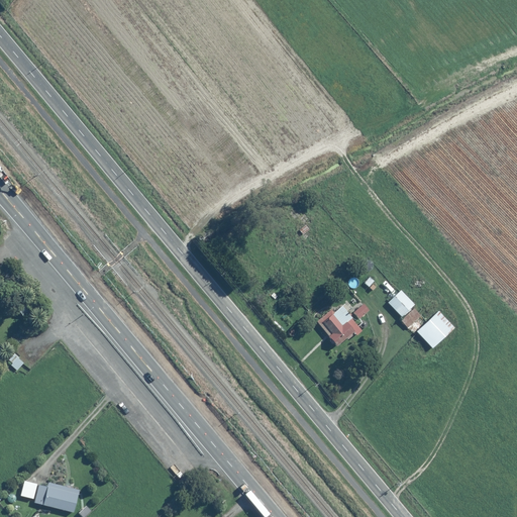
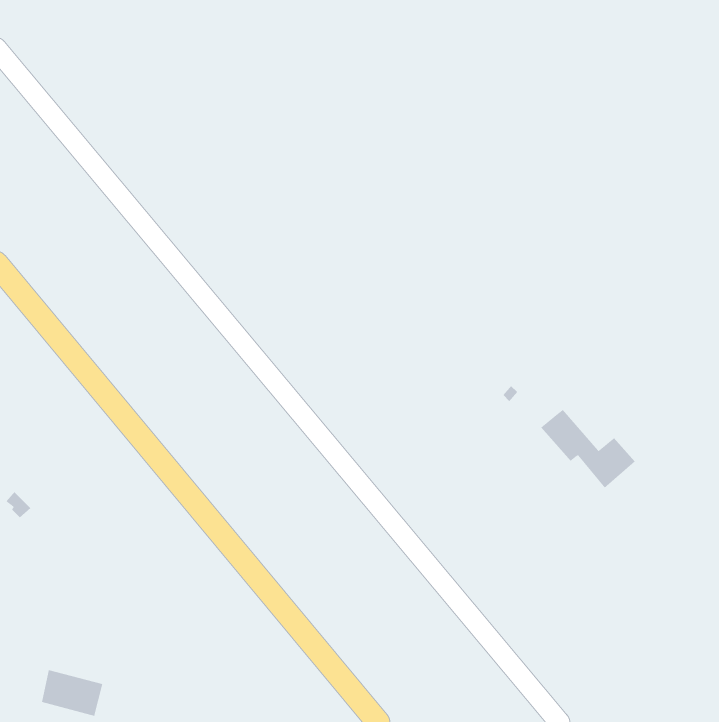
building: [318,302,365,347] -> none

